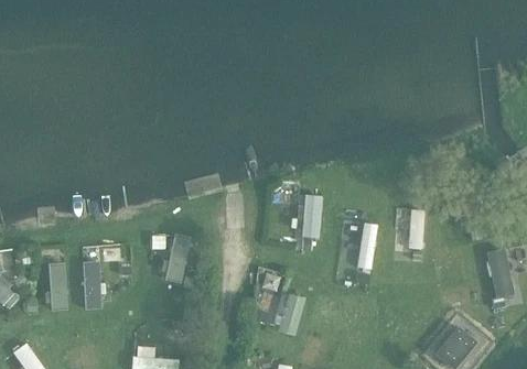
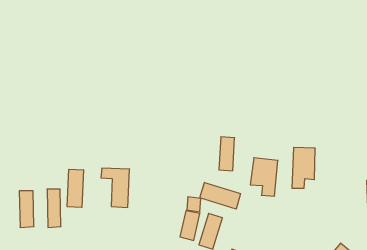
building: none -> [67,169,83,207]
building: none -> [200,182,241,209]

